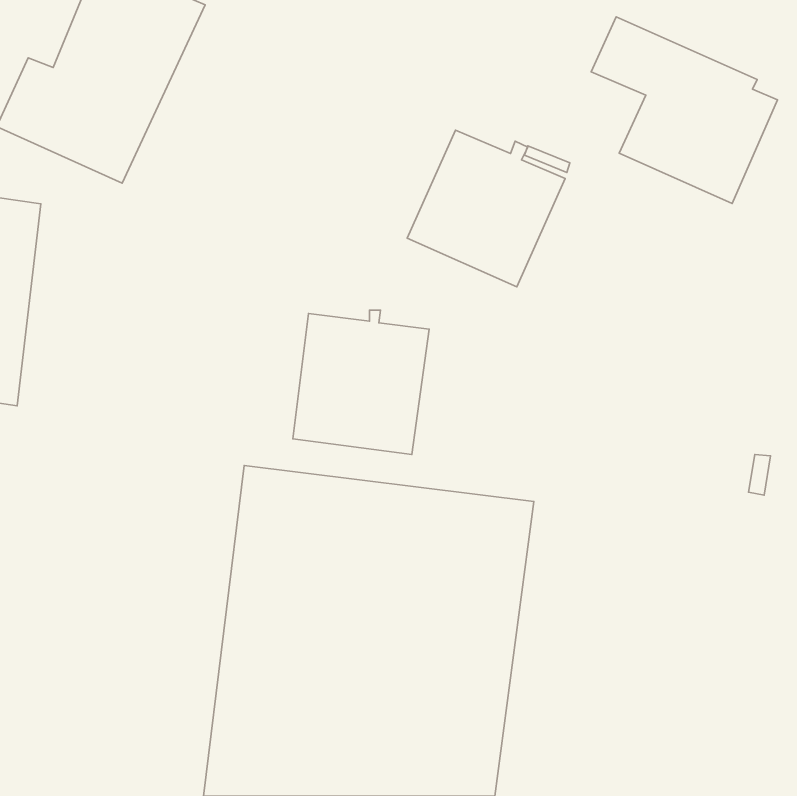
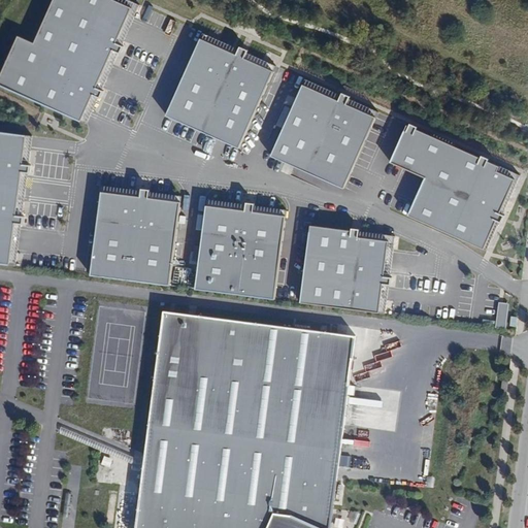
building: [591,17,777,203] -> [388,126,510,249]
building: none -> [167,40,273,147]
building: none -> [92,190,180,287]
building: none -> [298,226,384,312]

